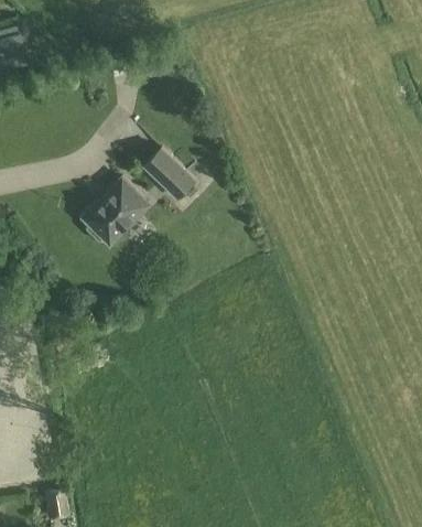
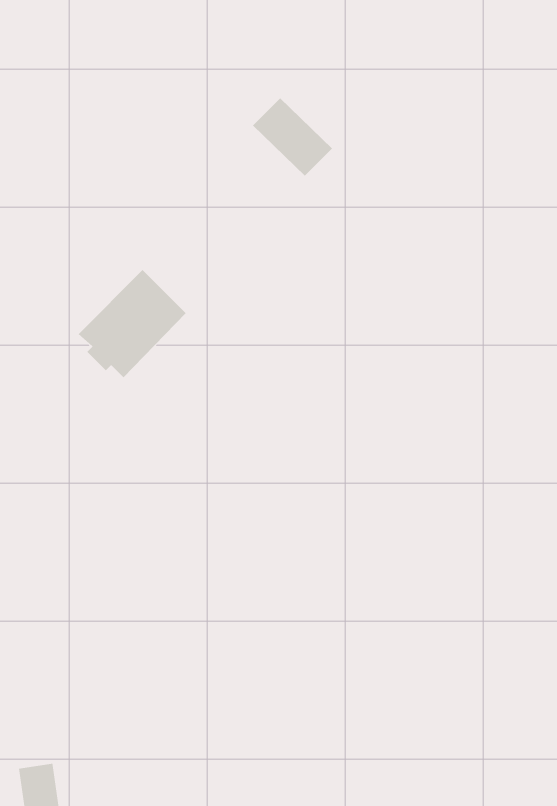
building: [143,149,194,198] -> [252,98,333,177]

